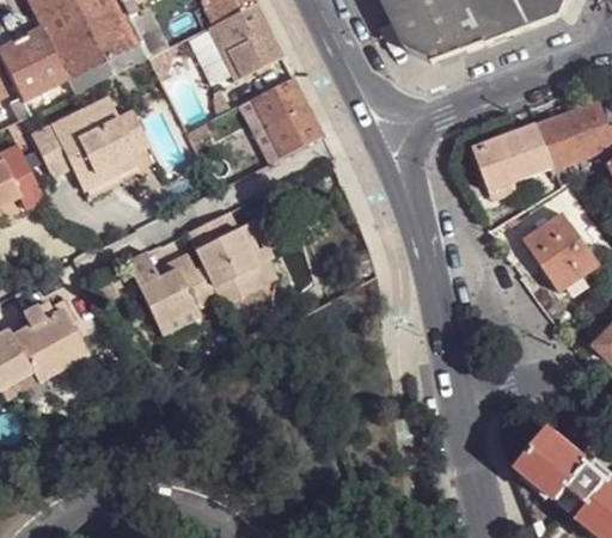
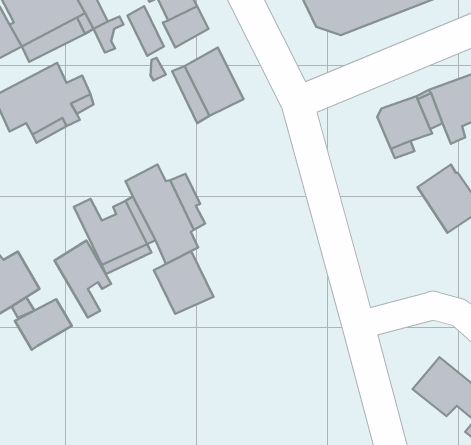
building: none -> [55,240,111,318]
building: none -> [154,251,213,314]
building: none -> [15,299,72,350]

